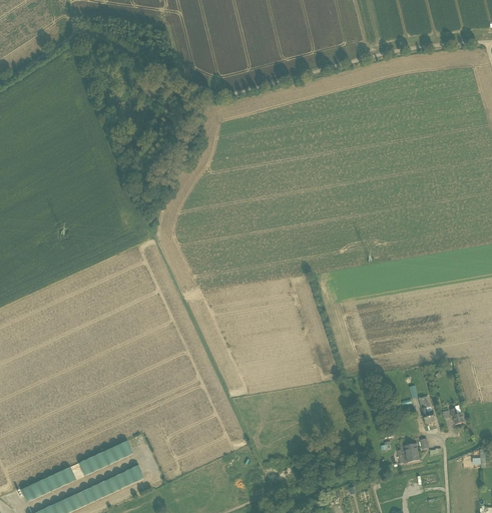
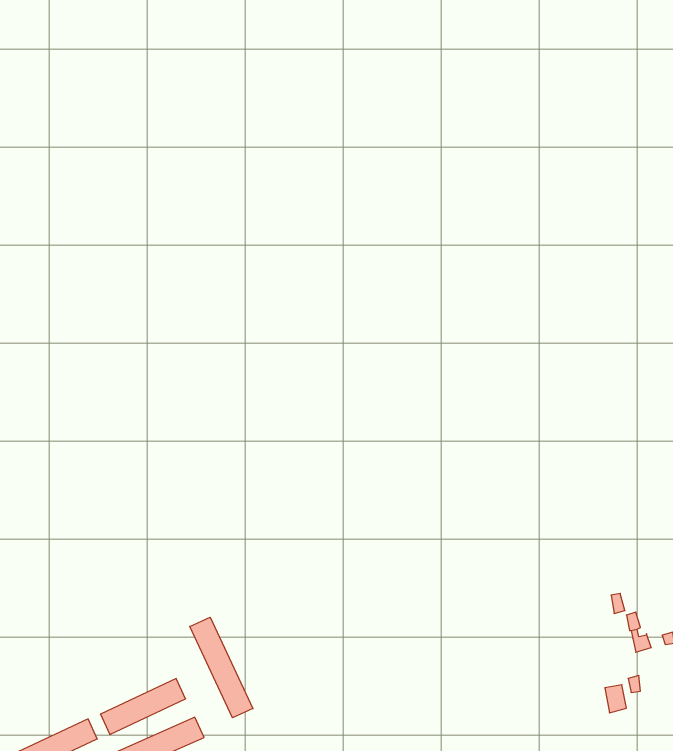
building: none -> [190,617,253,718]

